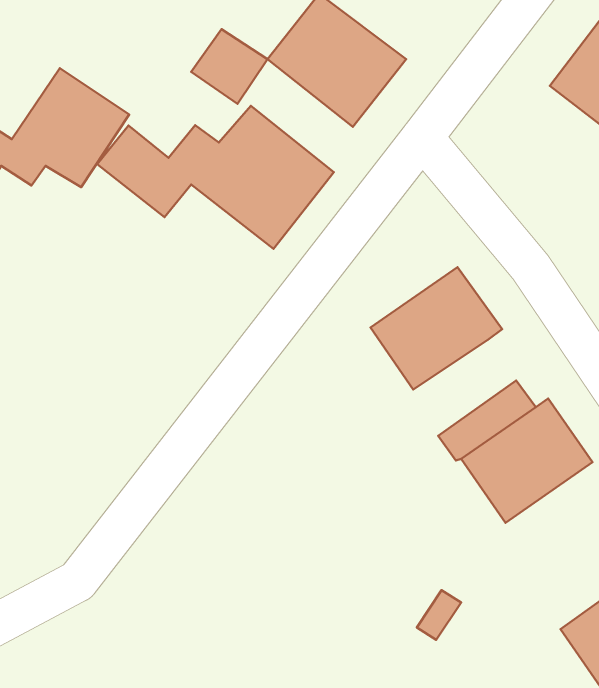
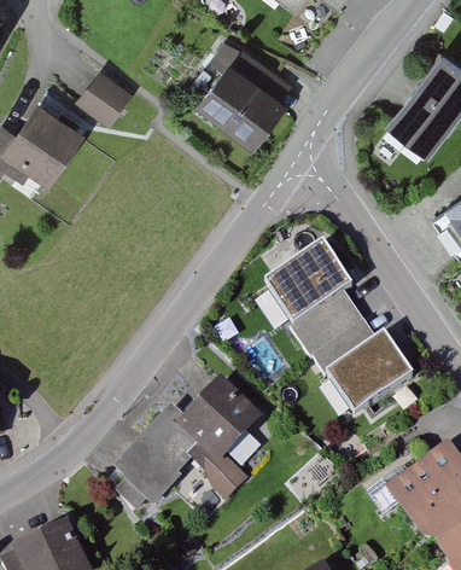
building: [191,29,268,104] -> [82,71,134,122]
building: [97,106,334,249] -> none
building: none -> [286,287,358,353]
building: none -> [121,379,272,499]

